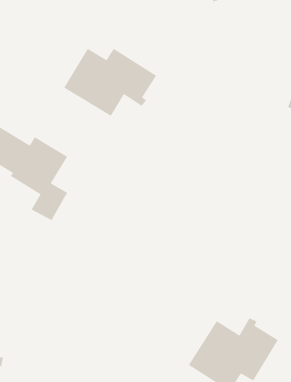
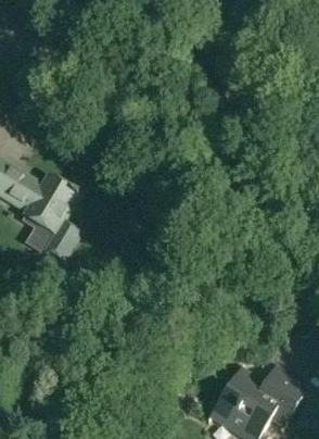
building: [63,48,157,117] -> none

